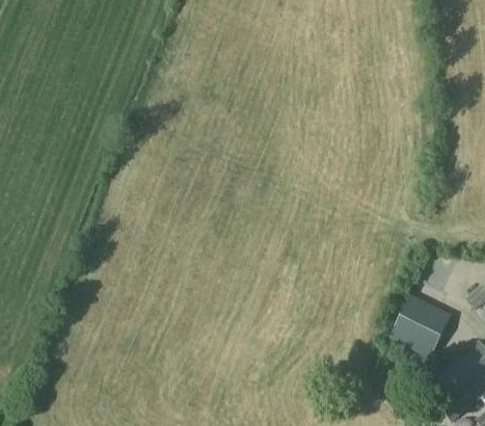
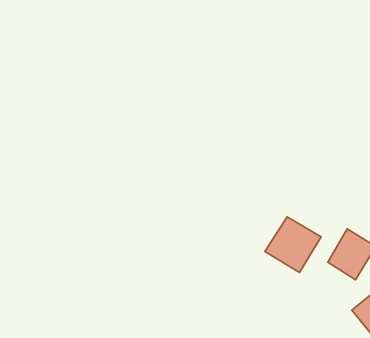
building: none -> [265,217,321,273]

